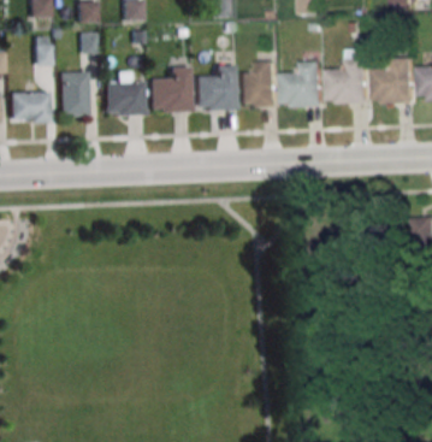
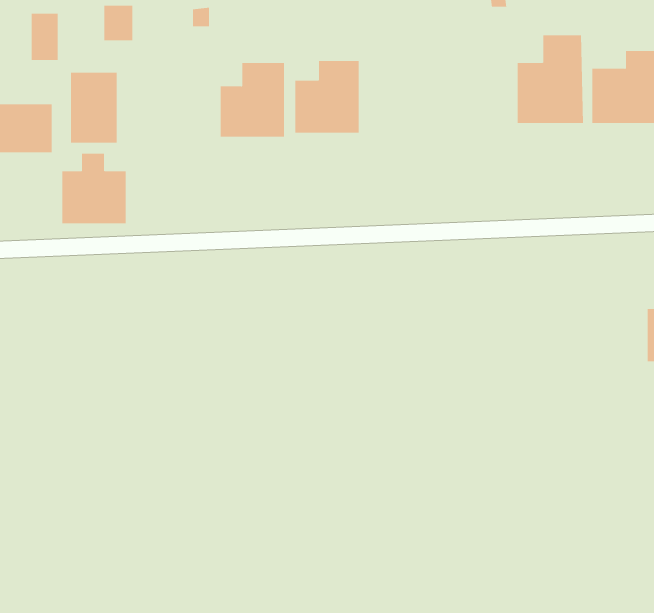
building: [242,60,283,106] -> none
building: [288,60,327,106] -> none
building: [106,71,146,114] -> [62,153,126,224]

